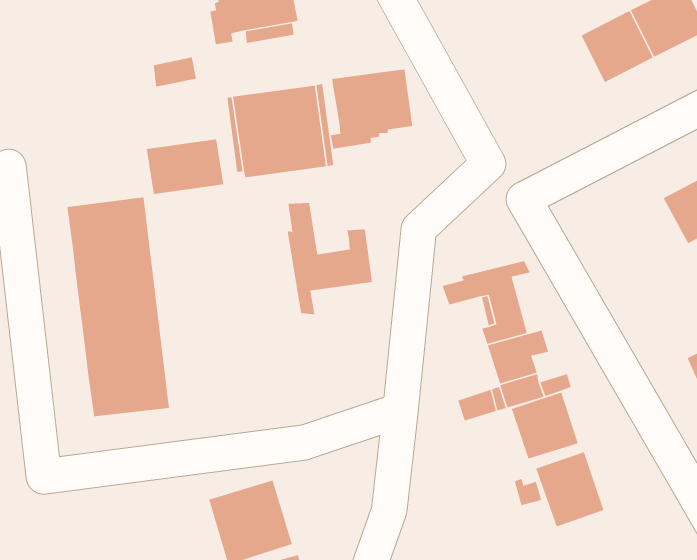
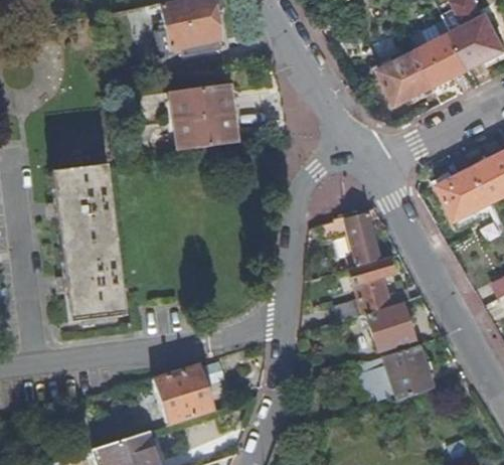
building: none -> [384,49,435,101]
building: [330,68,413,150] -> none
building: [146,139,224,195] -> none
building: none -> [443,165,494,215]
building: [287,202,373,315] -> none

